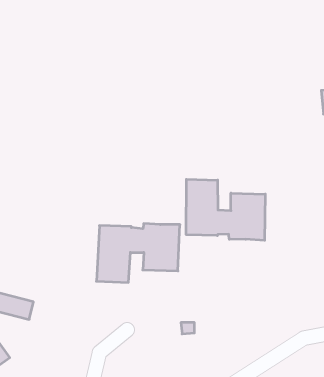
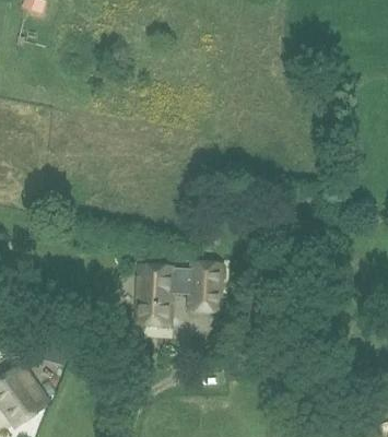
building: [186,179,265,240] -> none

